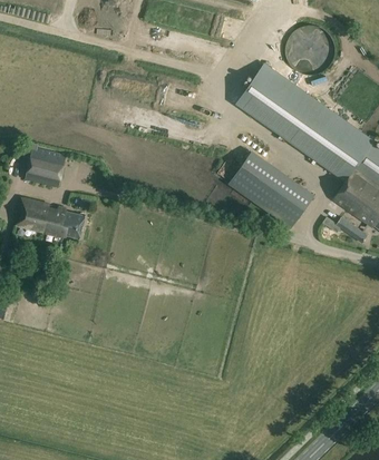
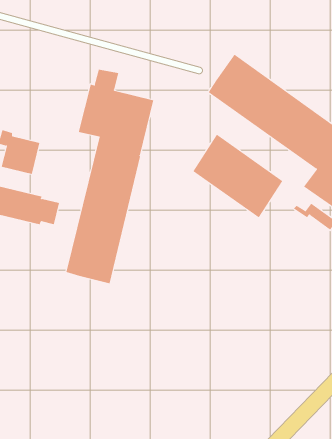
building: [285,26,334,75] -> none
building: none -> [66,69,154,284]

